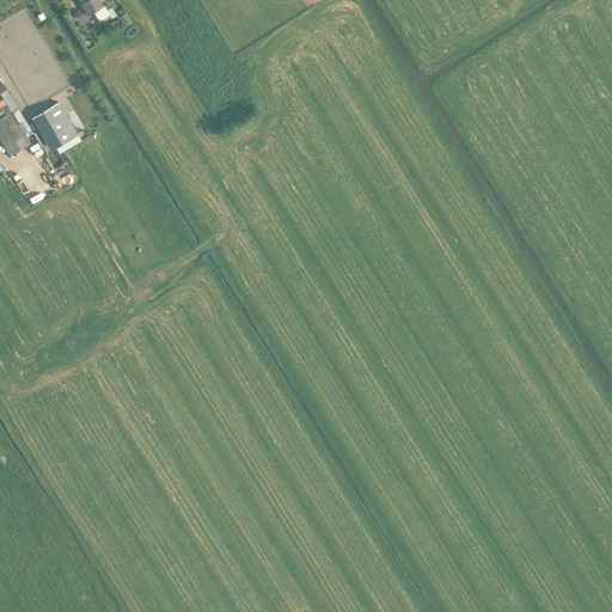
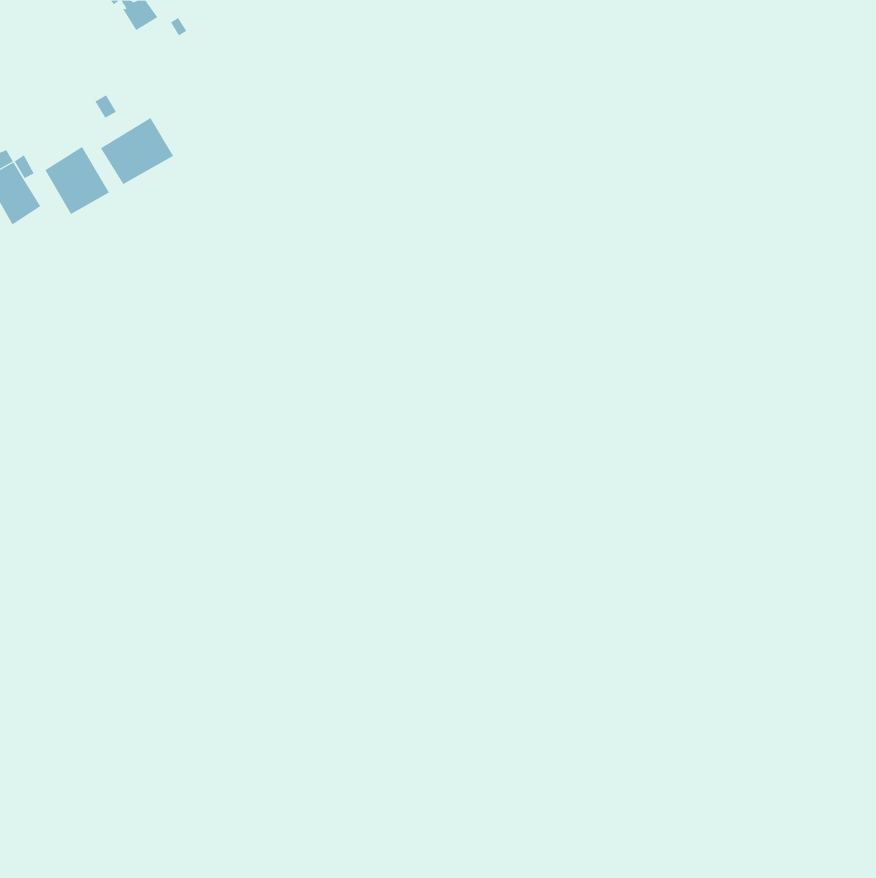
building: none -> [100,117,174,185]

